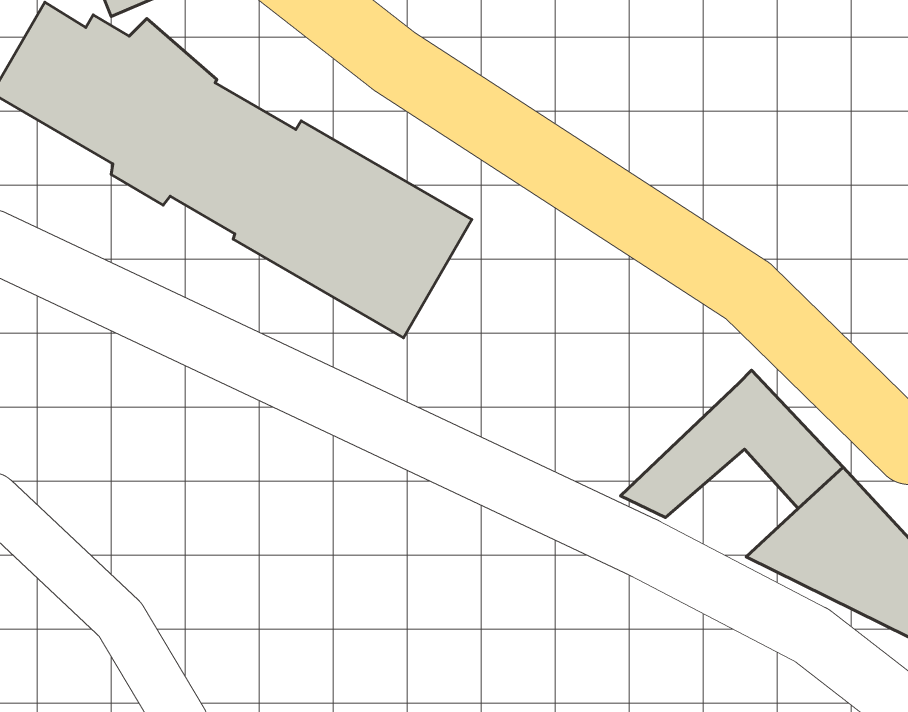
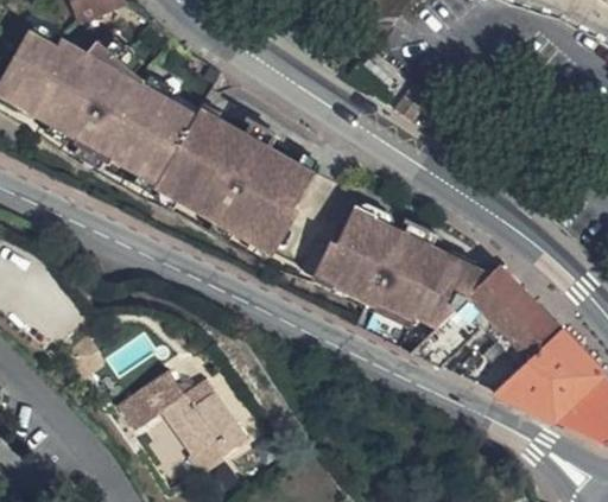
building: none -> [322,206,490,330]
building: none -> [121,370,247,464]

